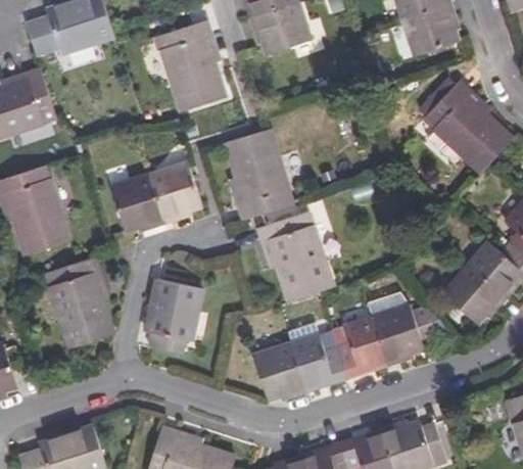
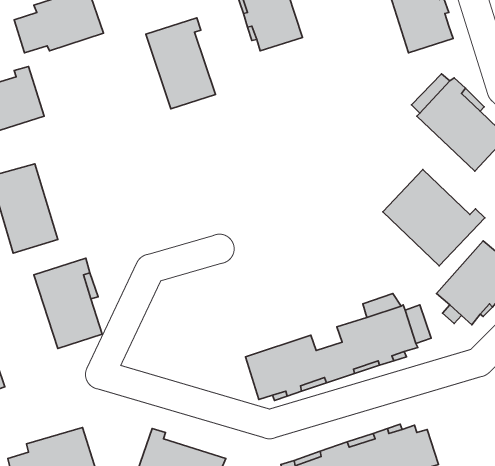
building: [225,129,292,220] -> none
building: [110,161,201,230] -> none
building: none -> [383,170,485,266]
building: [258,212,332,300] -> none
building: [144,278,202,353] -> none

